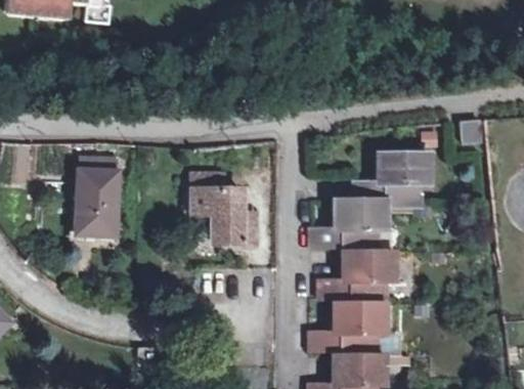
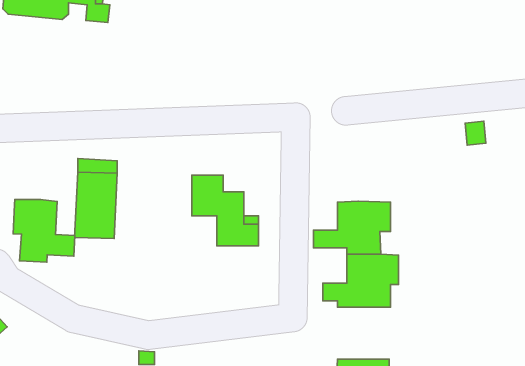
building: [355,154,431,205] -> none
building: none -> [13,200,75,262]
building: [311,303,387,354] -> none

